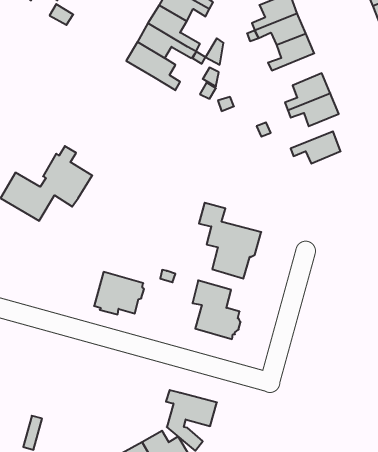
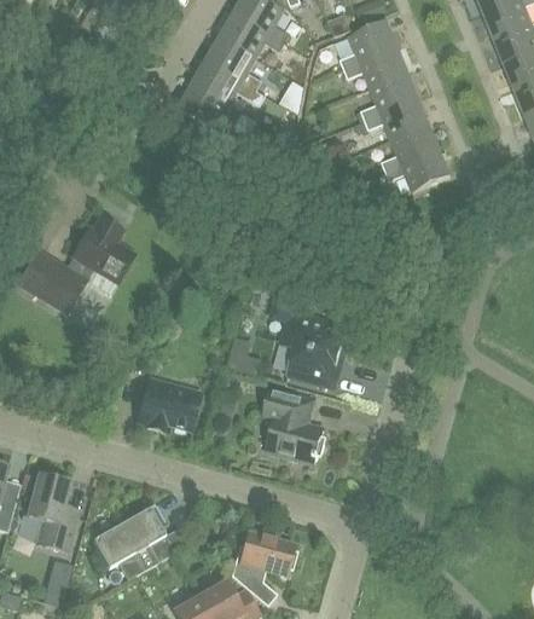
building: [291,131,341,164] -> [364,97,428,138]
building: none -> [27,473,77,549]
building: none -> [92,504,187,574]

